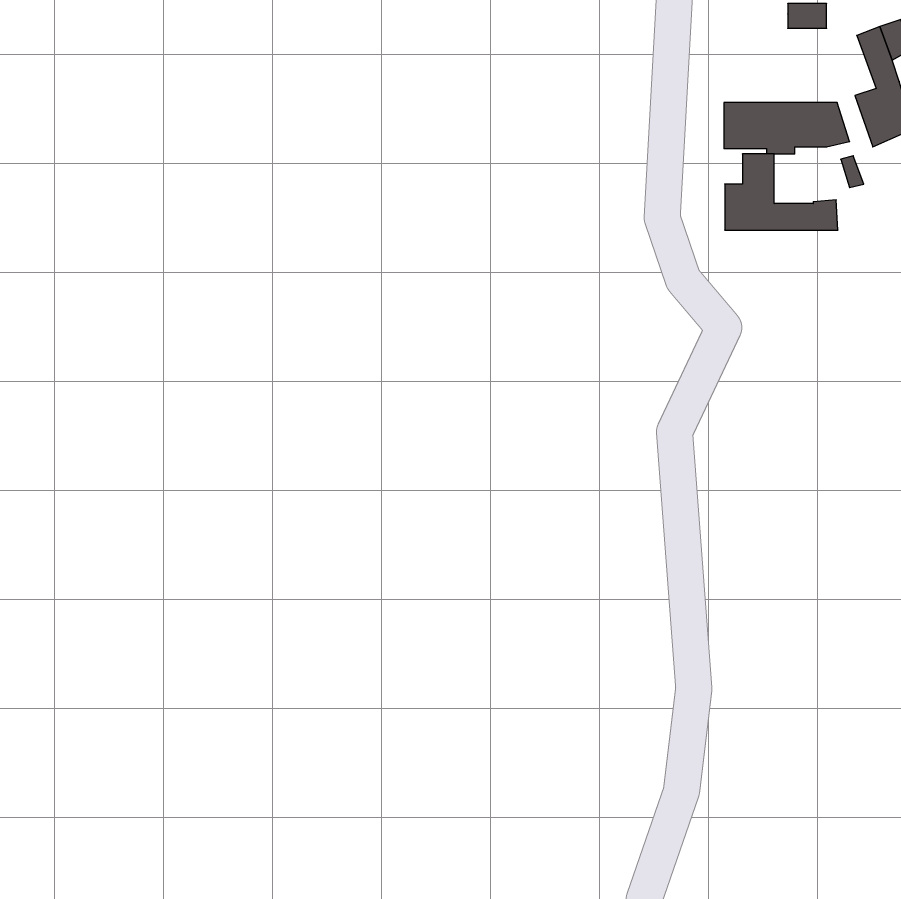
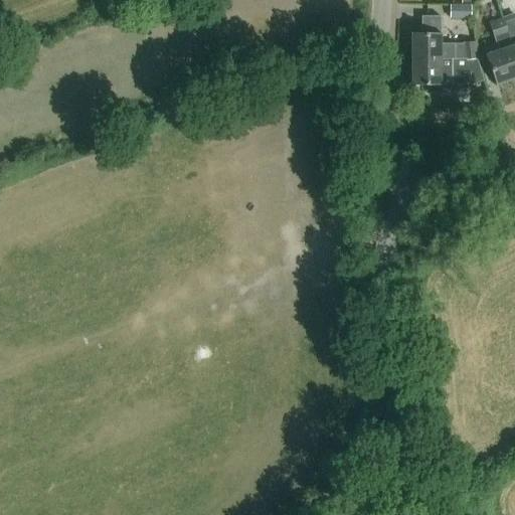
building: [725,154,838,230] -> [413,15,478,58]

